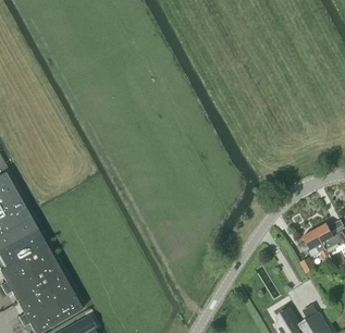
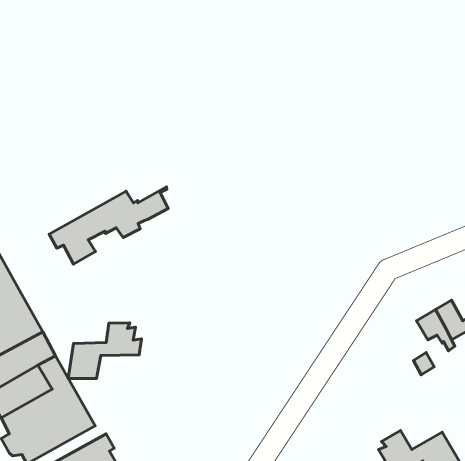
building: none -> [49,187,168,264]
building: none -> [68,323,141,379]

